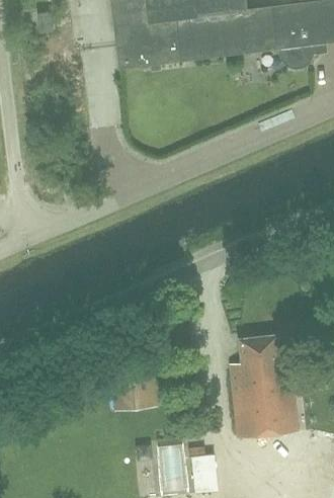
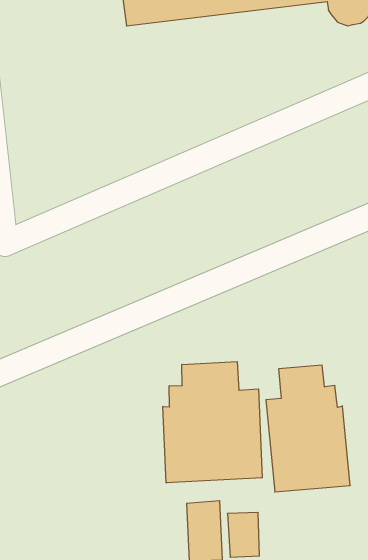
building: none -> [163,362,262,483]

